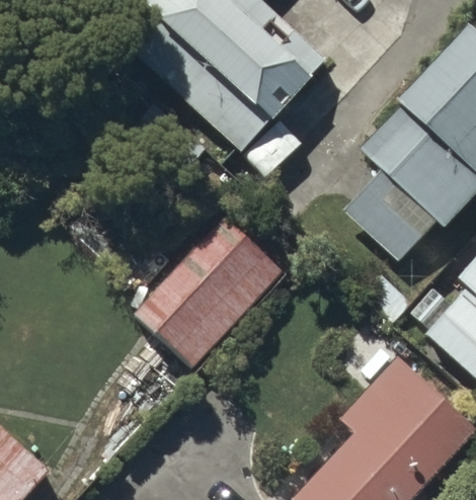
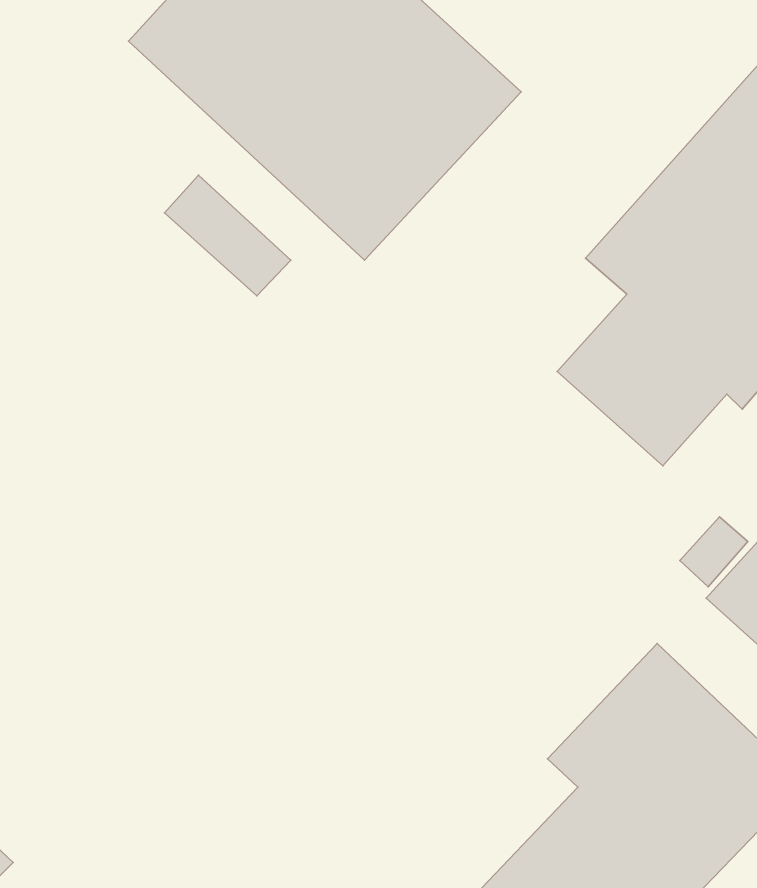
building: [134,216,284,368] -> none

